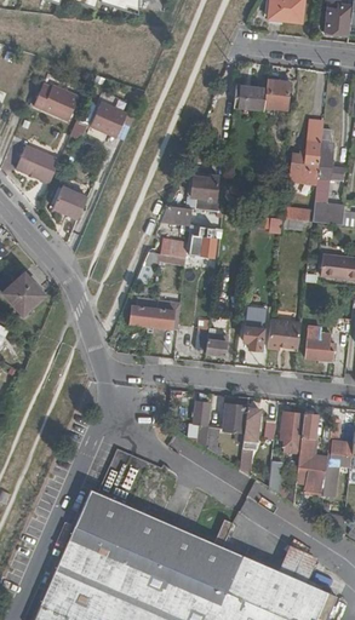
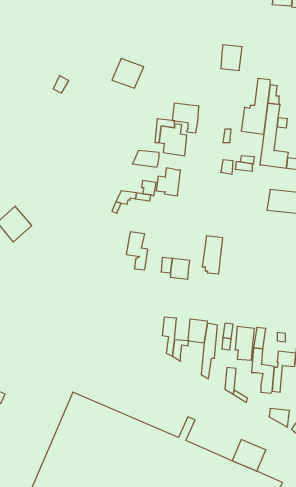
building: [33,86,78,121] -> none
building: [234,86,265,121] -> [172,103,199,133]
building: [88,103,126,138] -> [112,59,144,88]
building: [15,147,59,186] -> none
building: [50,190,85,222] -> none
building: [127,298,158,327] -> none
building: [267,310,300,349] -> none
building: [303,337,332,362] -> none

